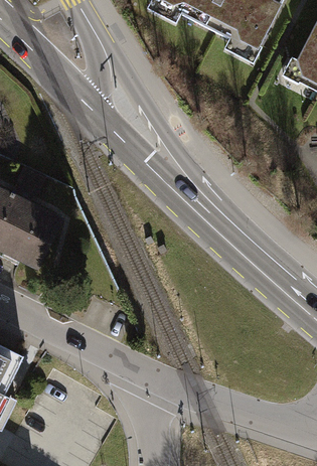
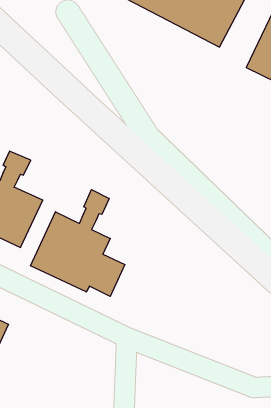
building: none -> [31,190,125,296]

